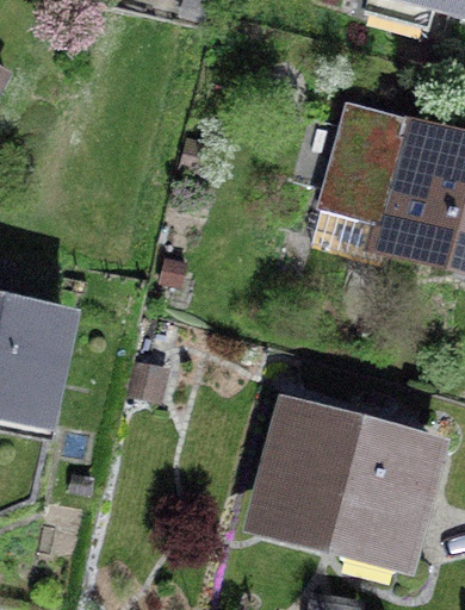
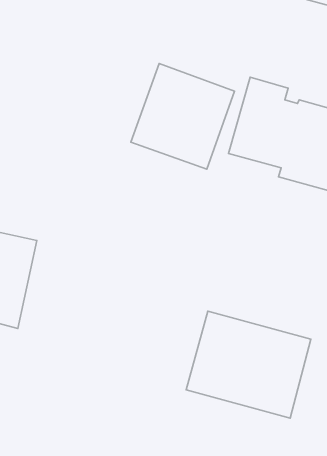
building: none -> [131,63,235,169]

